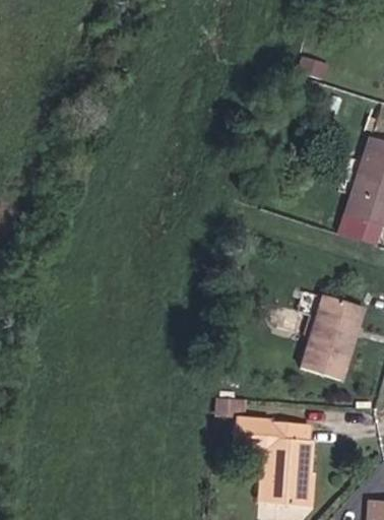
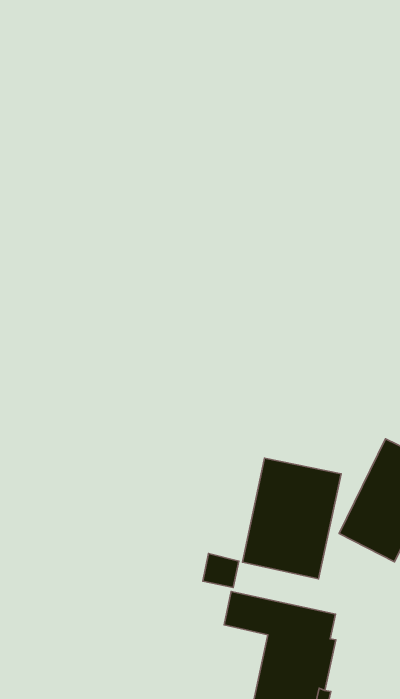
building: none -> [243,458,341,579]

